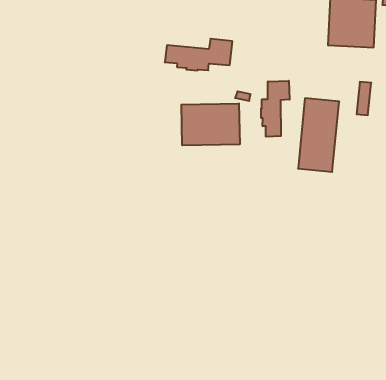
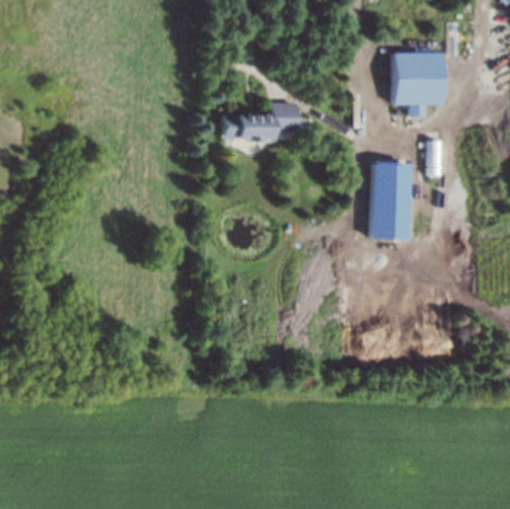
building: [261,81,290,137] -> none
building: [181,103,240,145] -> none

